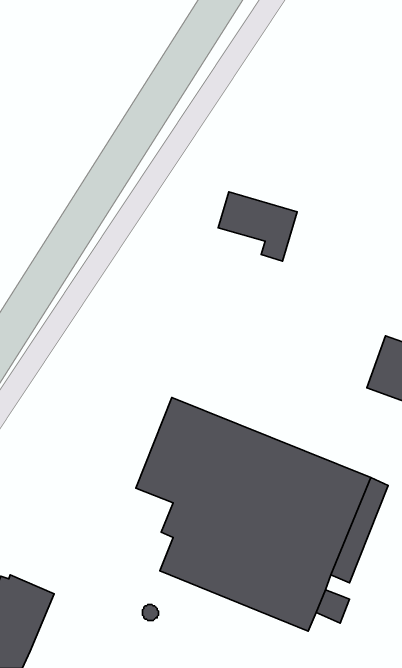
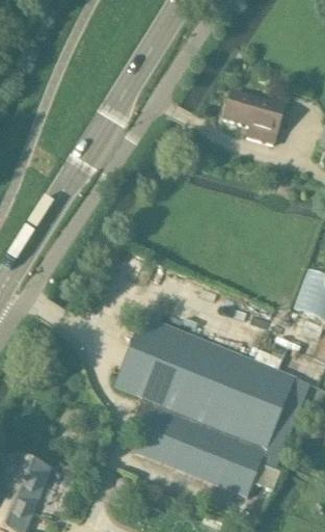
building: [218,192,297,261] -> [224,90,286,144]

